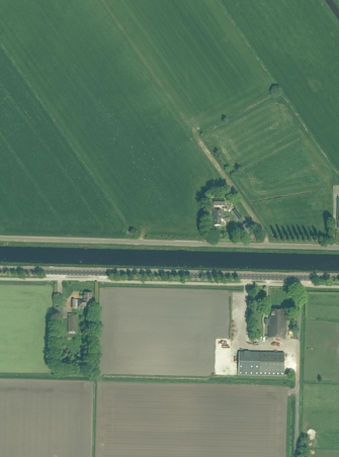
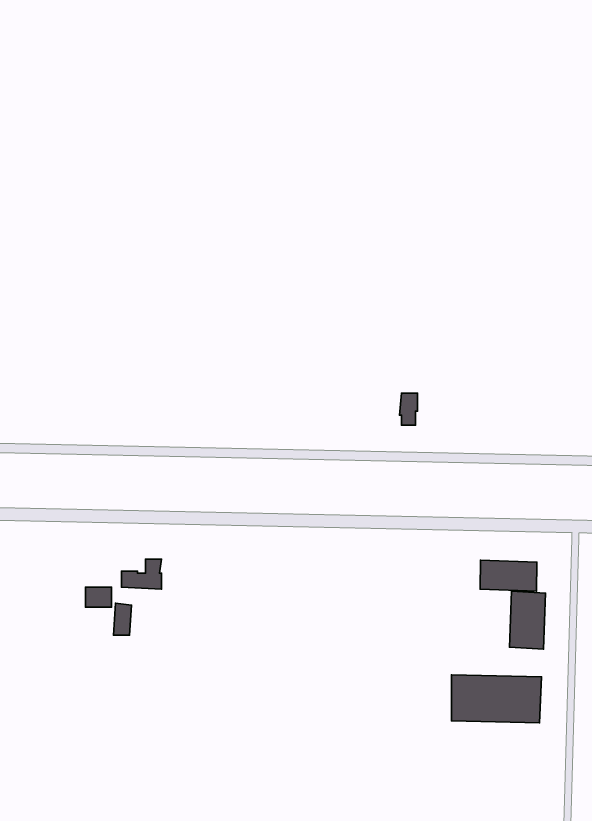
building: none -> [480,560,537,591]

